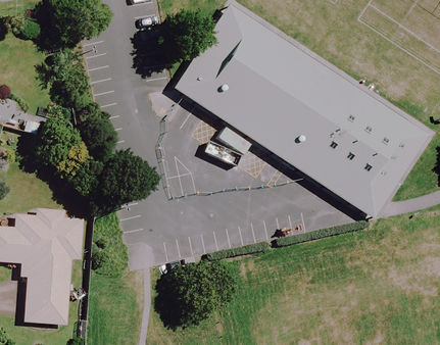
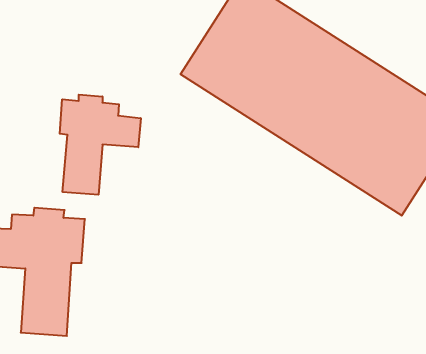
building: none -> [60,95,141,195]

